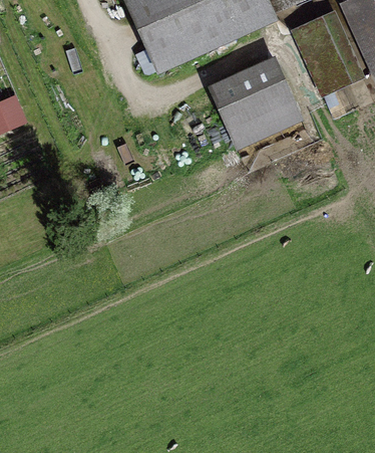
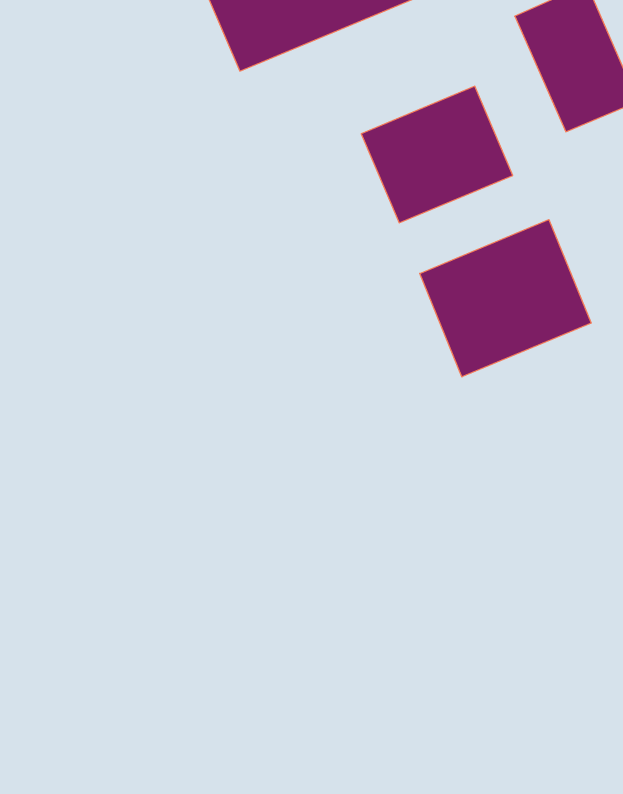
building: none -> [420,220,591,377]

